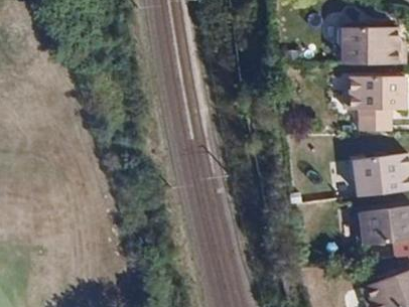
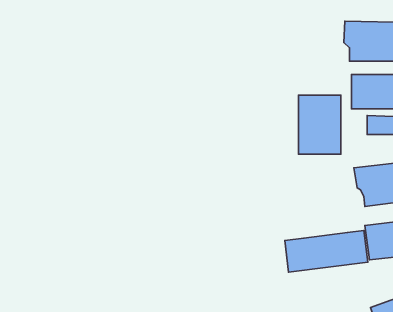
building: none -> [299,95,341,154]
building: none -> [285,231,368,272]

